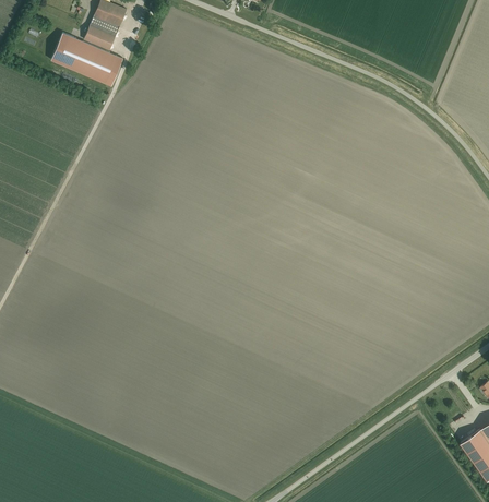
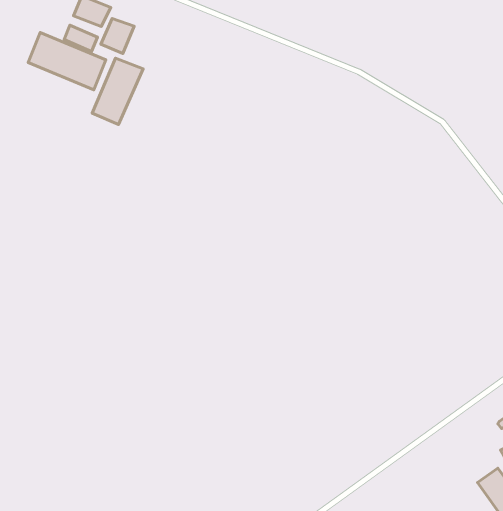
building: none -> [101,18,134,54]
building: none -> [92,58,143,124]

